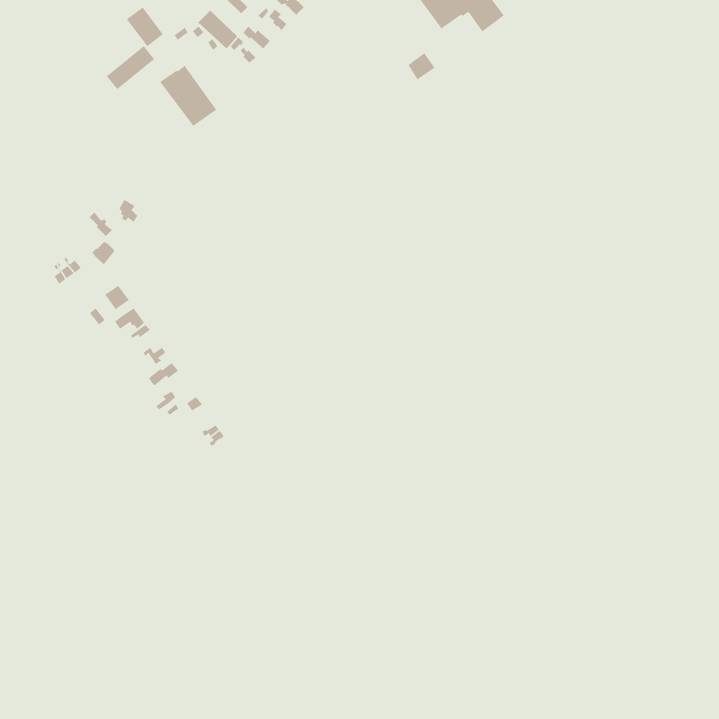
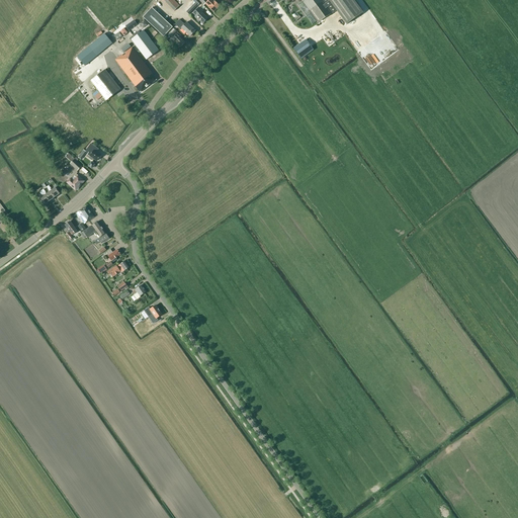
building: [126,6,164,47] -> [130,29,157,59]
building: none -> [89,69,119,100]

